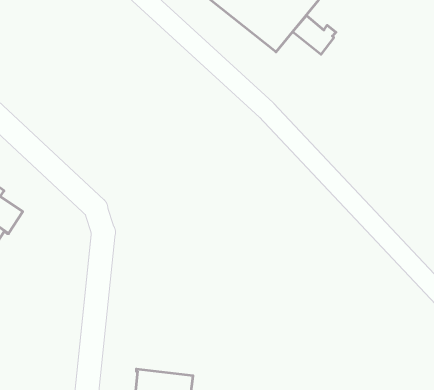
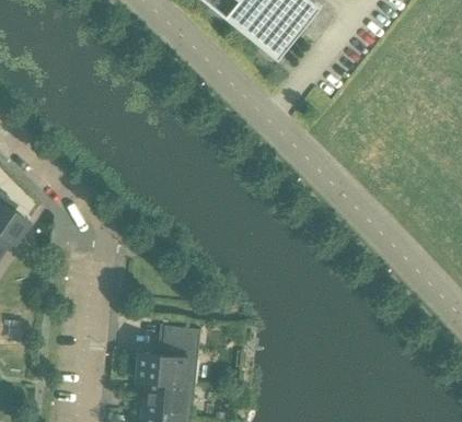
building: [293,15,336,54] -> none
building: none -> [139,326,200,384]

